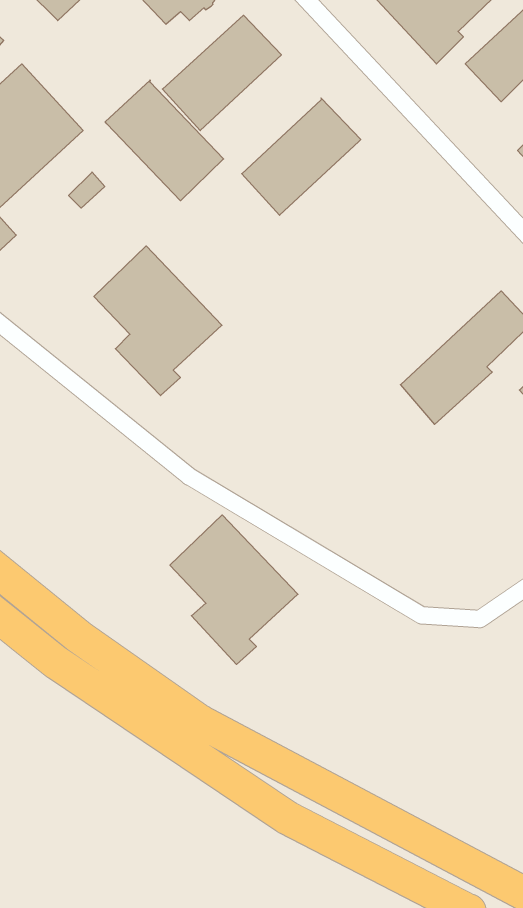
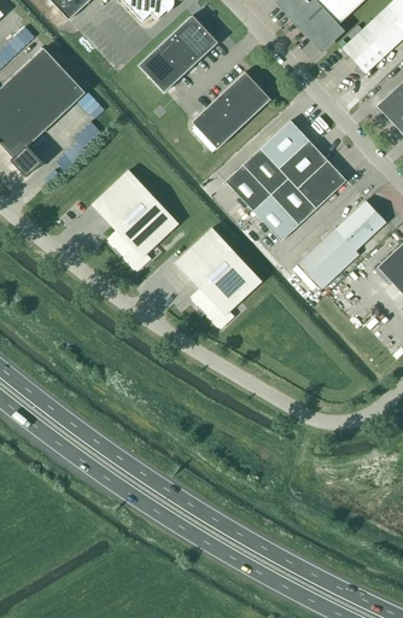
building: [105,80,224,201] -> none
building: none -> [226,119,346,240]
building: [170,515,298,664] -> [176,227,262,327]

